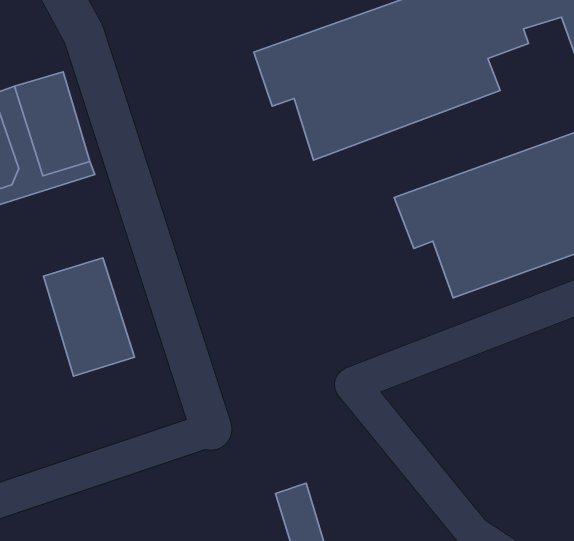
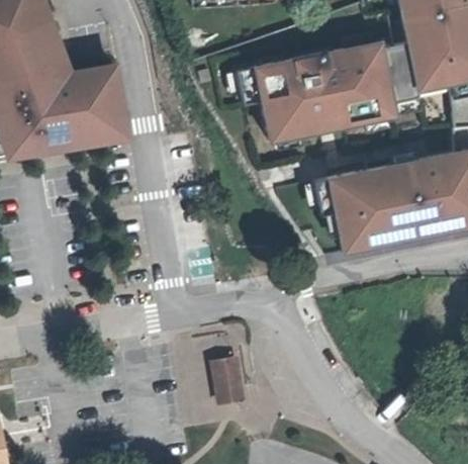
building: [44,258,134,376] -> none

